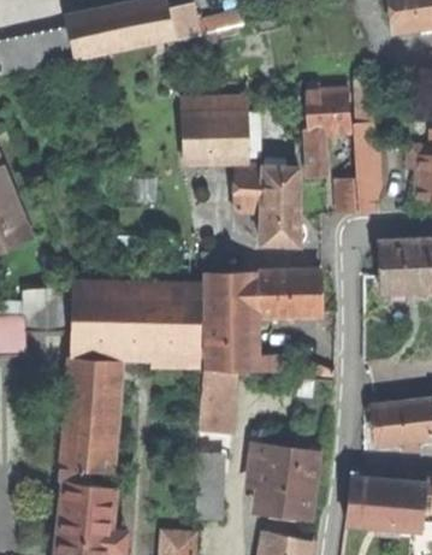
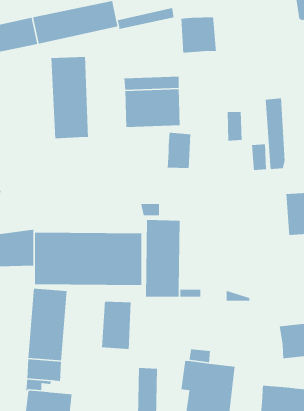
building: none -> [50,56,89,139]
building: [307,89,351,135] -> [181,16,217,54]
building: [260,167,300,246] -> none
building: [256,270,322,315] -> none
building: [201,372,238,432] -> [101,301,132,350]

